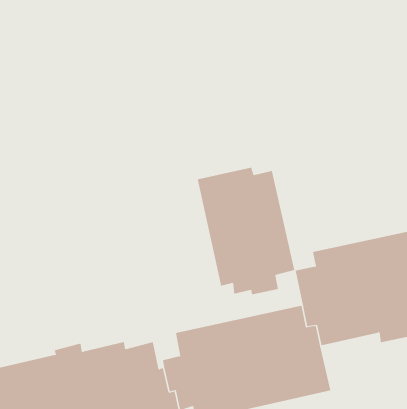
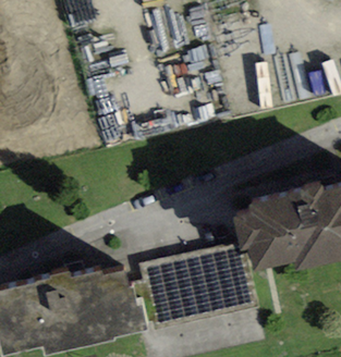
building: [197,167,295,295] -> none

